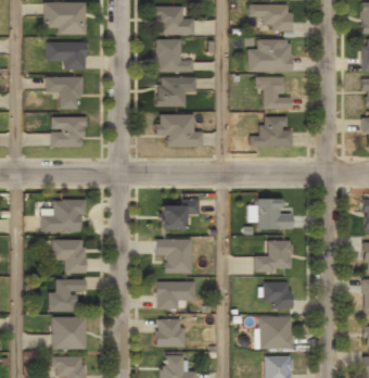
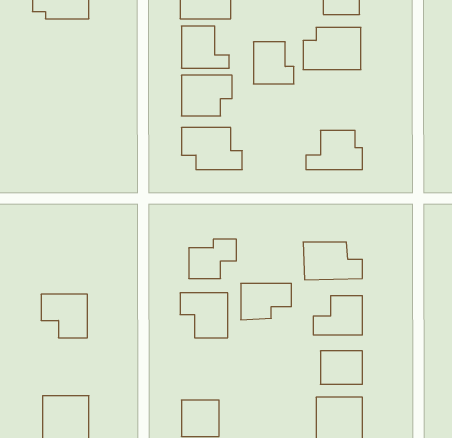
building: [46,42,87,68] -> none
building: [46,76,81,108] -> none
building: [259,78,290,110] -> [253,42,294,84]
building: [51,116,85,146] -> none
building: [42,200,85,229] -> none
building: [49,279,85,311] -> none
building: [156,281,194,308] -> [241,283,291,320]

